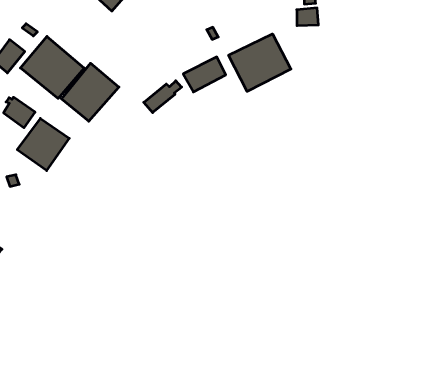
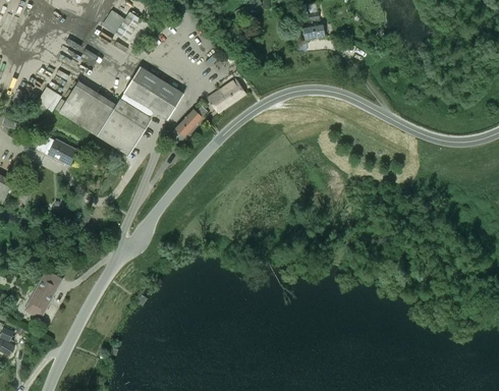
building: none -> [122,65,183,120]
building: [229,34,291,91] -> none
building: [17,118,69,171] -> none

